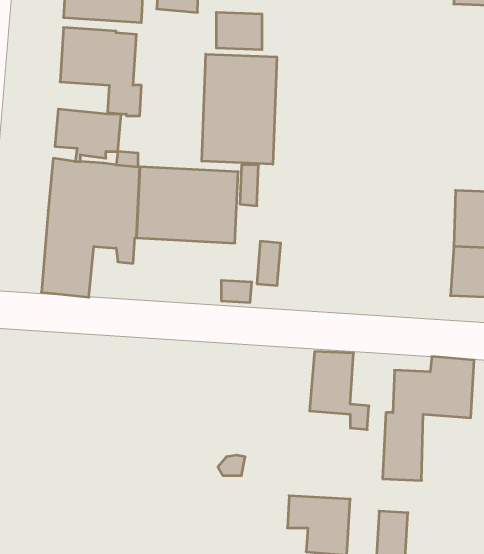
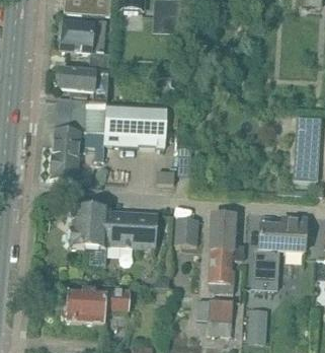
building: [202,54,277,164] -> none
building: none -> [68,207,158,263]
building: none -> [174,216,199,244]
building: none -> [208,248,236,292]
building: none -> [61,286,131,325]

